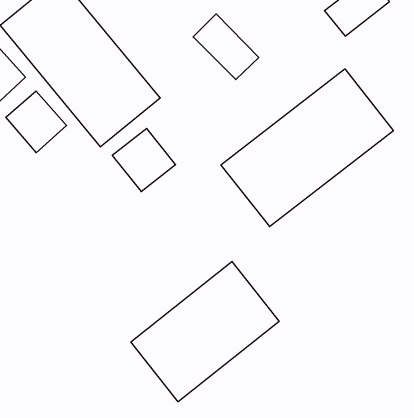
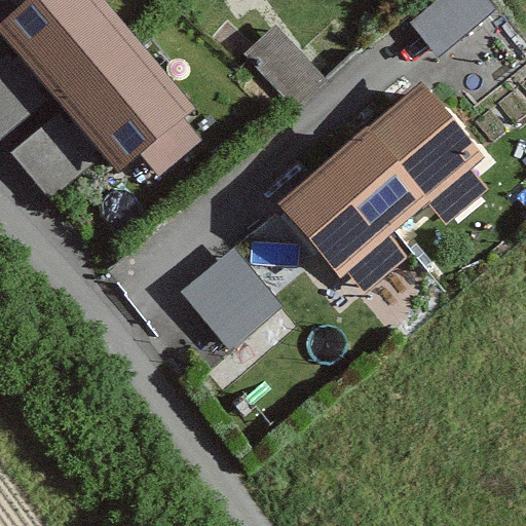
building: [112,128,176,192] -> [184,259,263,338]
building: [131,261,279,402] -> none

